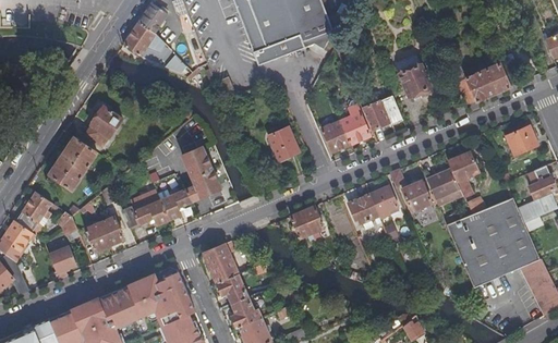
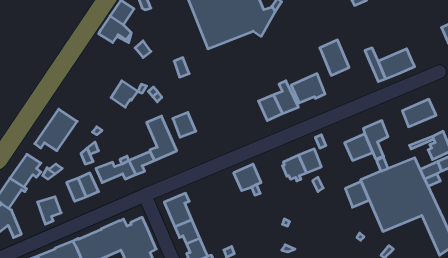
building: [85,114,118,147] -> [111,81,138,107]
building: [269,127,298,158] -> [173,112,196,137]
building: [402,181,432,212] -> [345,182,369,207]

